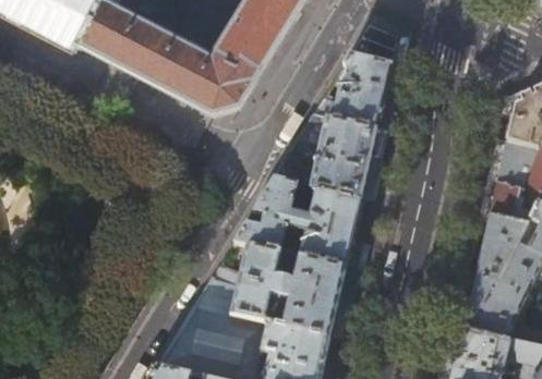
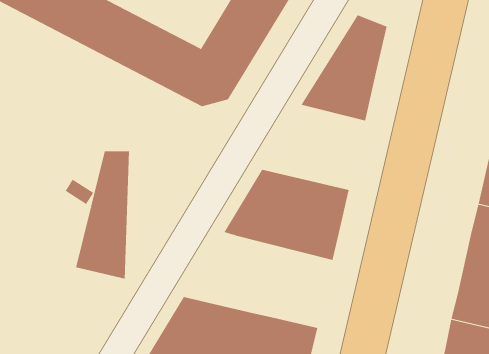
building: [274,111,378,196] -> none
building: none -> [75,150,130,279]
building: [195,242,346,334] -> none

